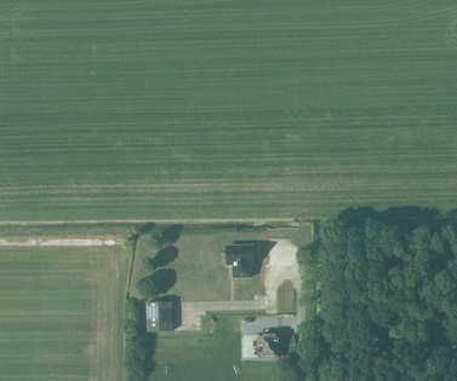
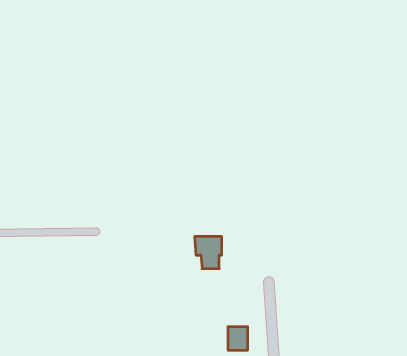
building: [148,300,173,330] -> none

